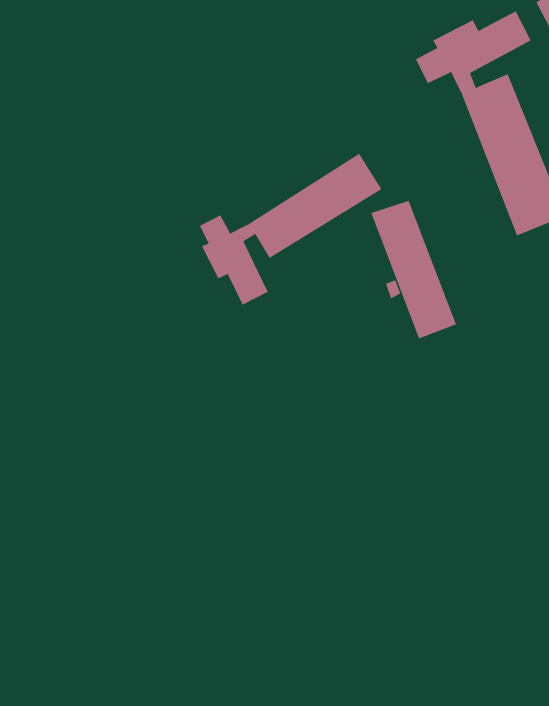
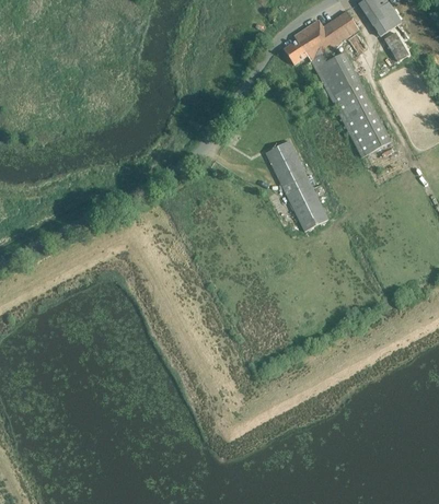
building: [199,153,382,306] -> none

